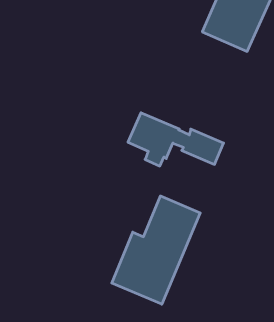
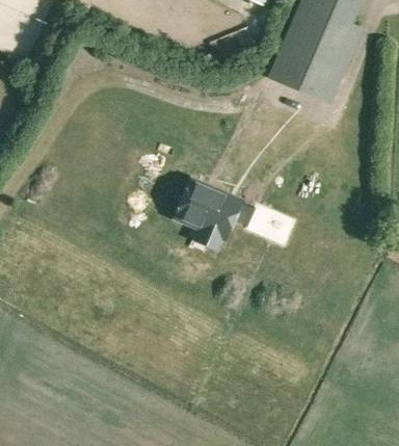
building: [112,196,200,304] -> none

